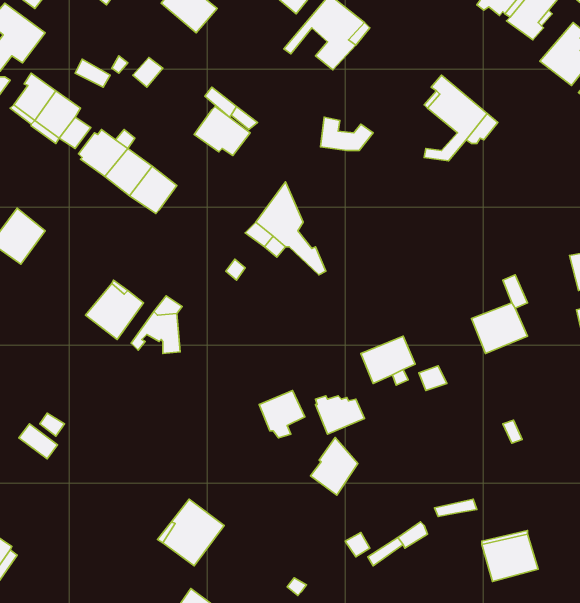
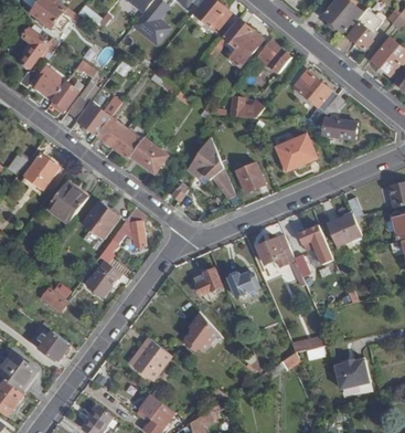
building: none -> [255,40,289,73]
building: [194,106,250,155] -> [129,137,164,168]
building: none -> [321,115,355,138]
building: none -> [276,134,316,167]
building: none -> [236,161,264,191]
building: none -> [45,182,86,223]
building: none -> [297,224,332,263]
building: none -> [83,258,118,295]
building: [311,437,358,495] -> [186,314,216,350]
building: none -> [34,330,66,360]

